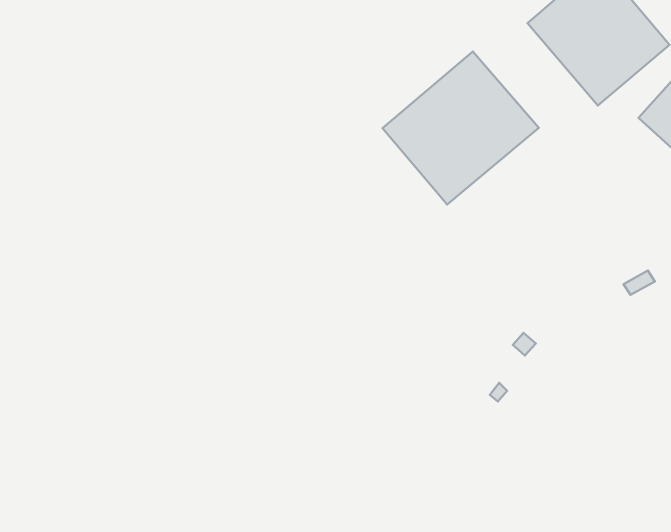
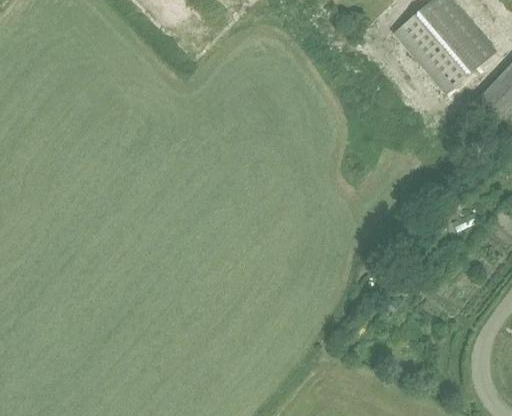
building: [383,51,539,204] -> none

